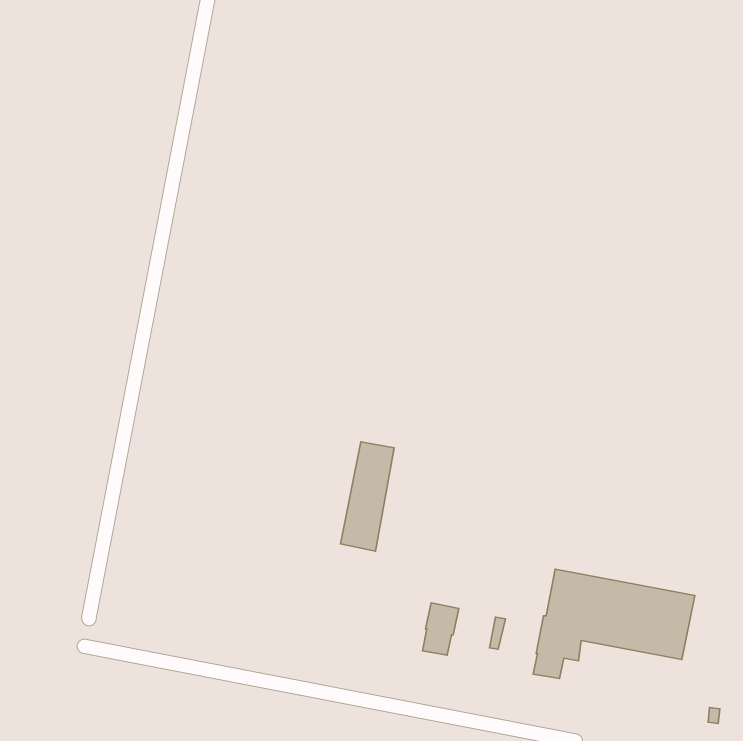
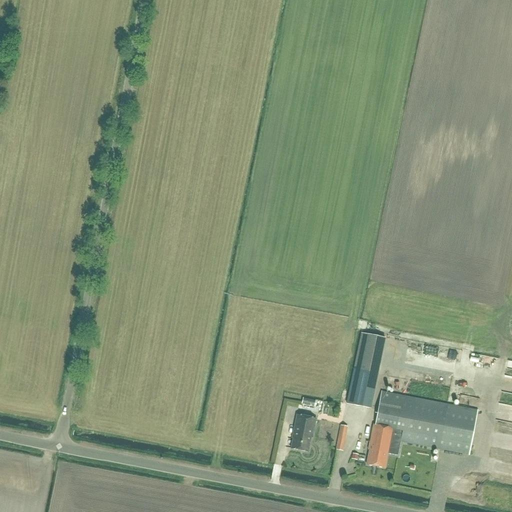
building: [340,442,394,551] -> [347,332,384,407]

